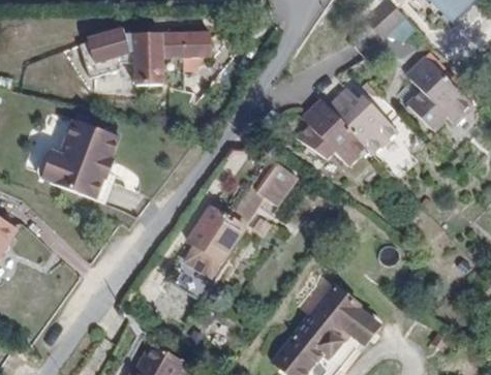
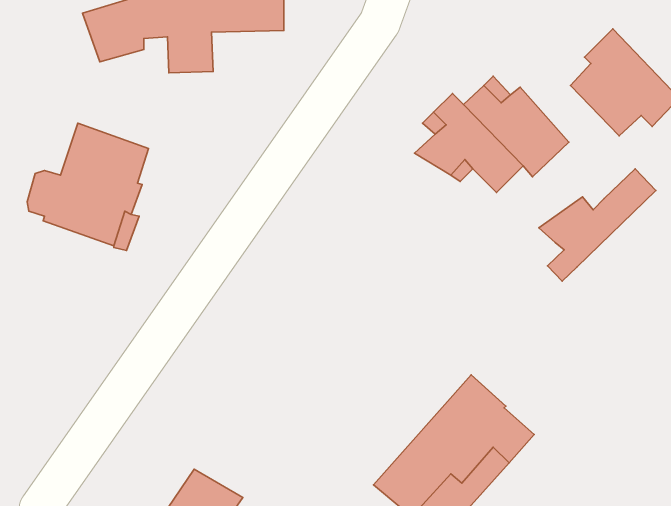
building: none -> [539,169,656,281]
building: [171,158,296,290] -> none

